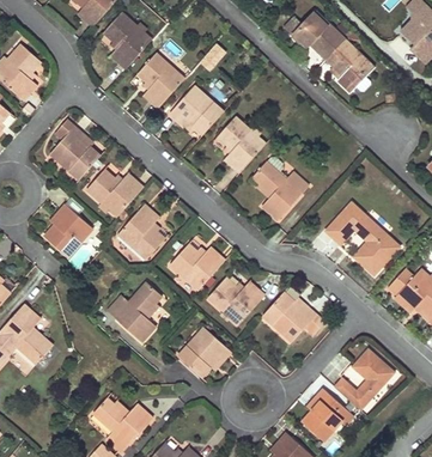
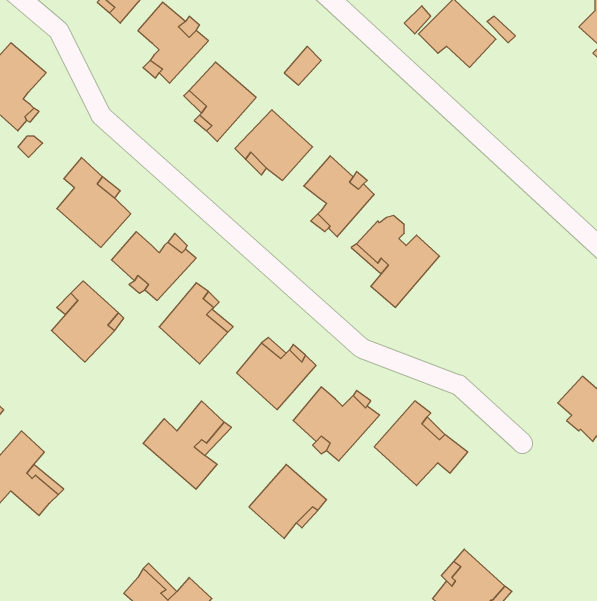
building: [327,39,375,93] -> none
building: [324,203,397,274] -> none
building: [334,346,395,408] -> none

